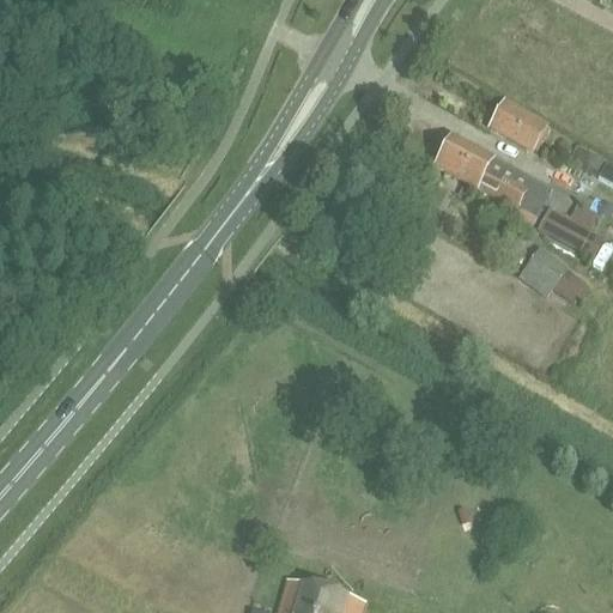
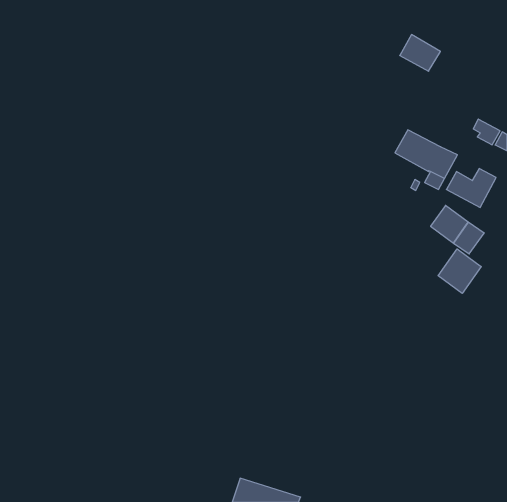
building: [493,101,542,145] -> [400,35,440,71]
building: [436,133,493,184] -> none
building: none -> [438,249,481,293]

